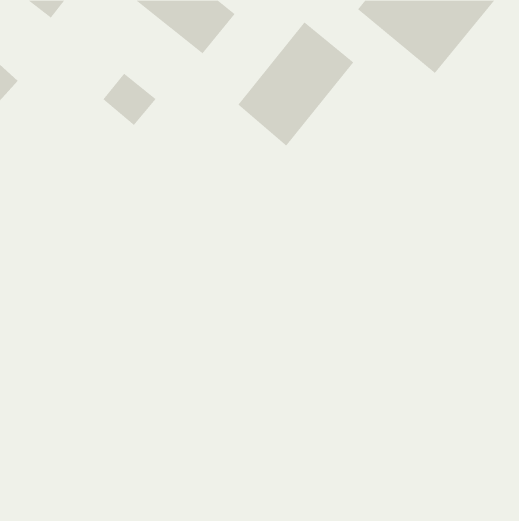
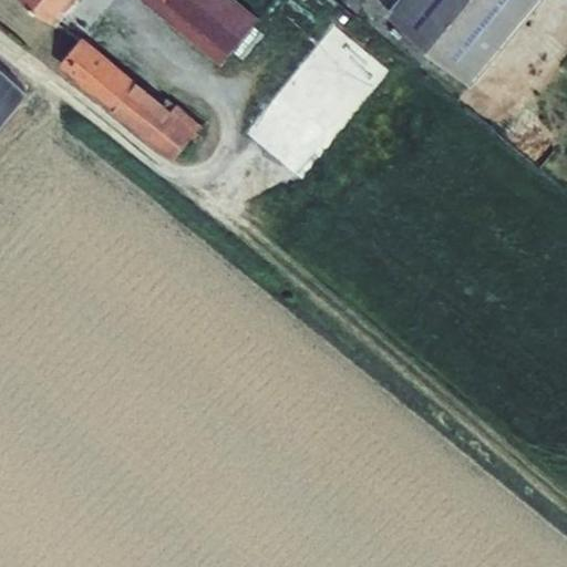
building: none -> [56,37,134,110]
building: none -> [145,104,198,158]

